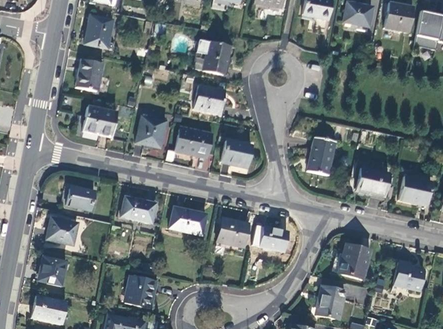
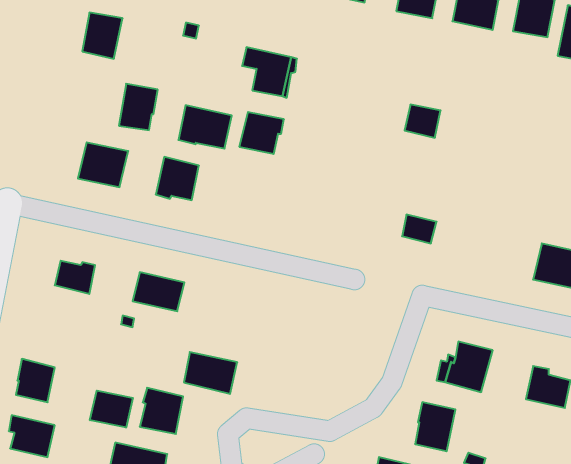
building: [76,58,103,90] -> [119,84,158,130]
building: [175,126,212,156] -> [178,105,232,149]
building: [310,137,335,160] -> [405,105,441,138]
building: [222,139,251,166] -> none
building: [356,167,388,196] -> none
building: [169,205,206,234] -> [184,352,237,394]
building: [217,216,248,245] -> none
building: [48,217,78,244] -> none
building: [259,225,288,250] -> none
building: none -> [90,391,133,428]

